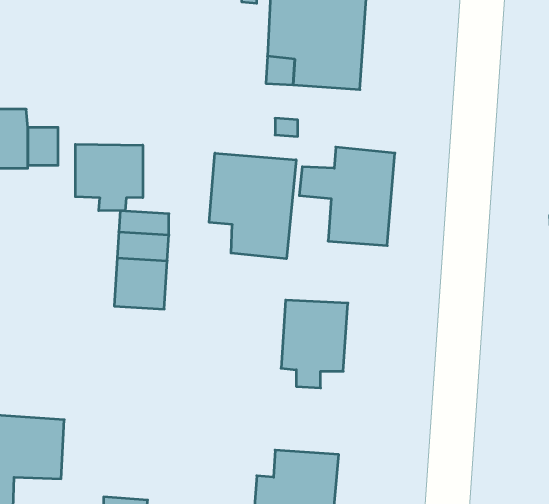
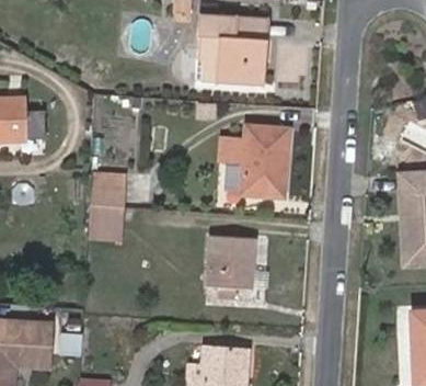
building: [75,144,143,211] -> none
building: [209,153,296,259] -> none

